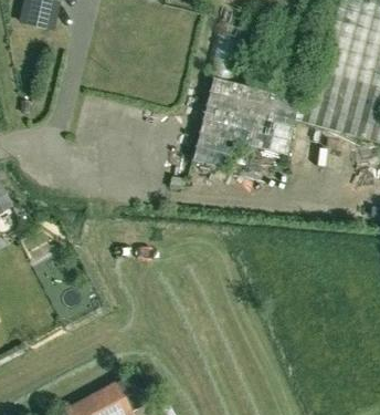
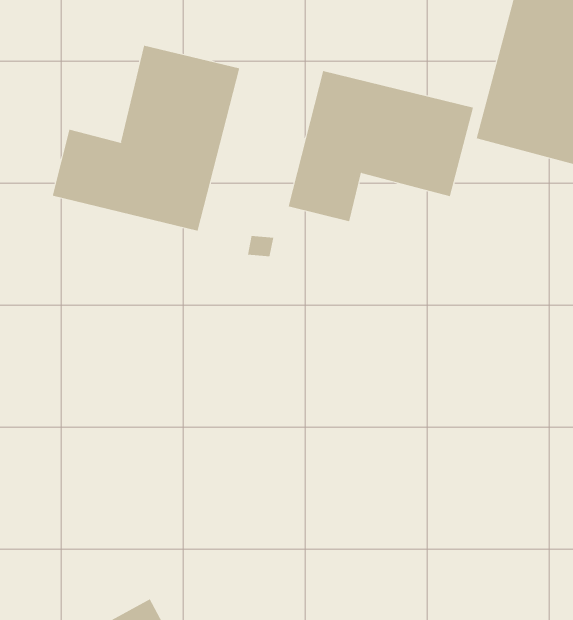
building: none -> [52,45,240,232]

